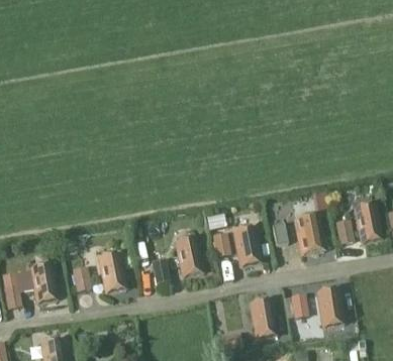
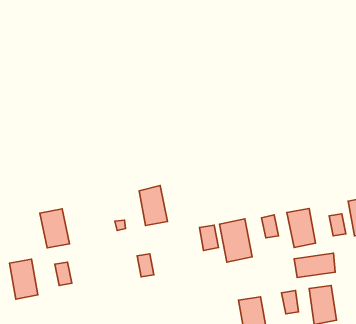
building: [176,237,203,275] -> [139,186,168,226]
building: [98,253,126,290] -> [40,209,69,248]
building: none -> [294,253,335,278]

